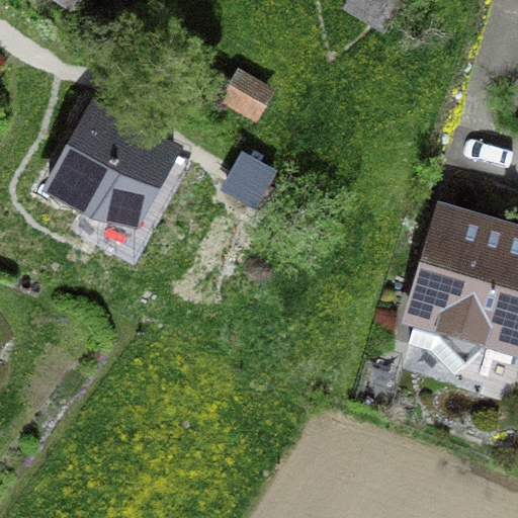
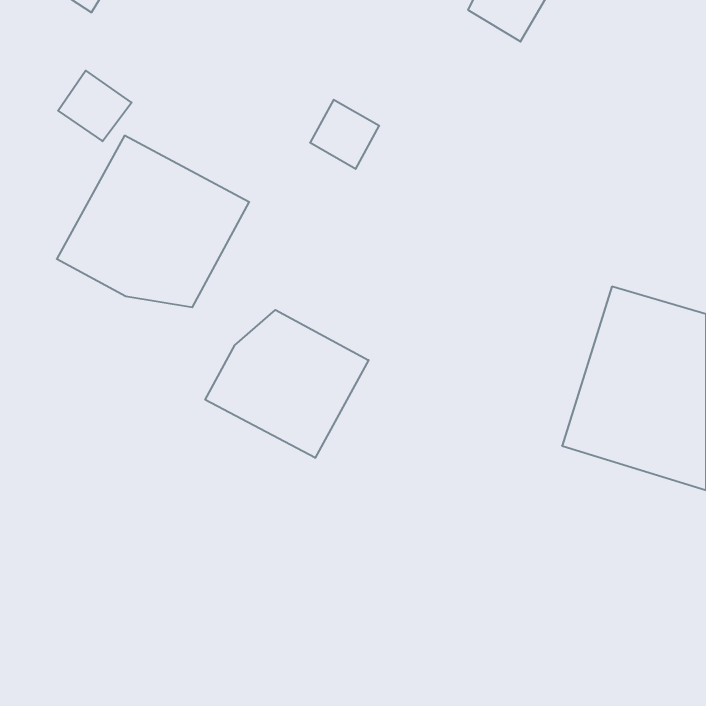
building: none -> [205,310,369,458]

